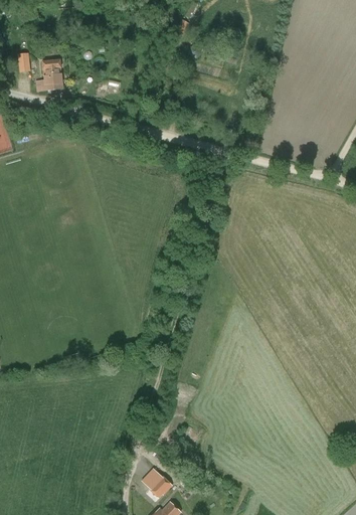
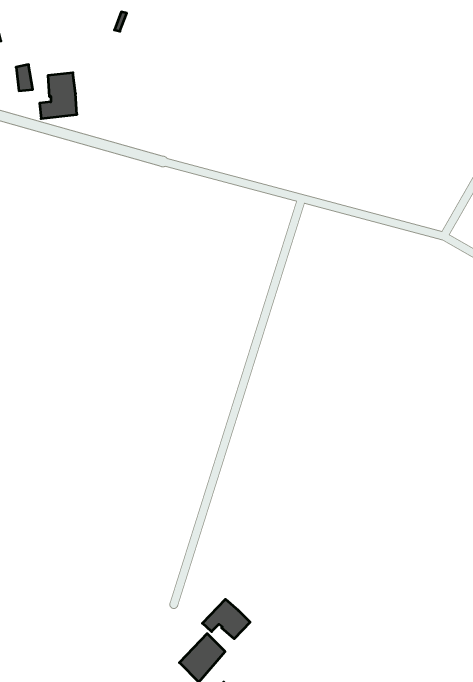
building: none -> [202,599,250,639]

